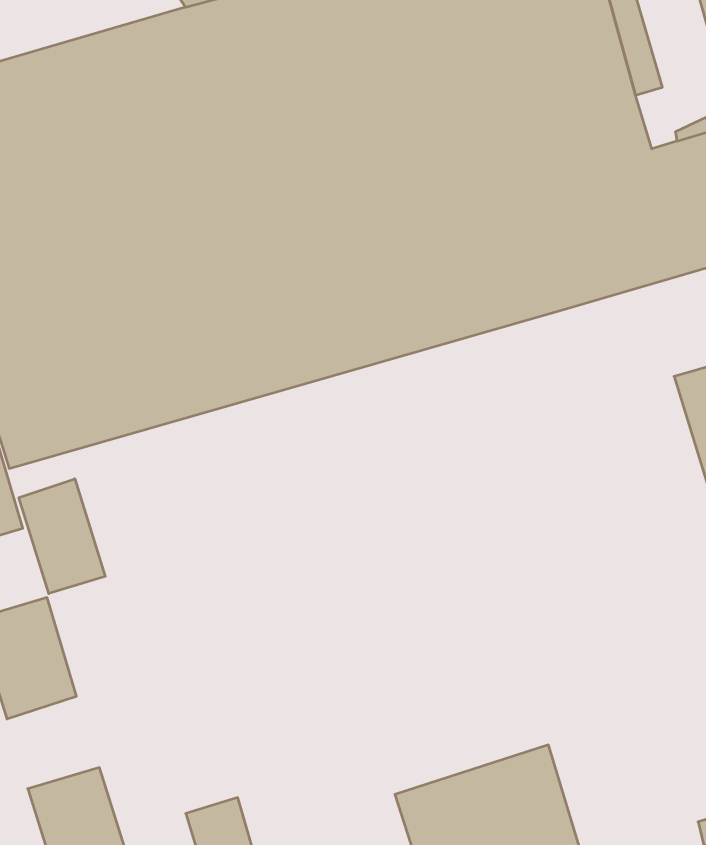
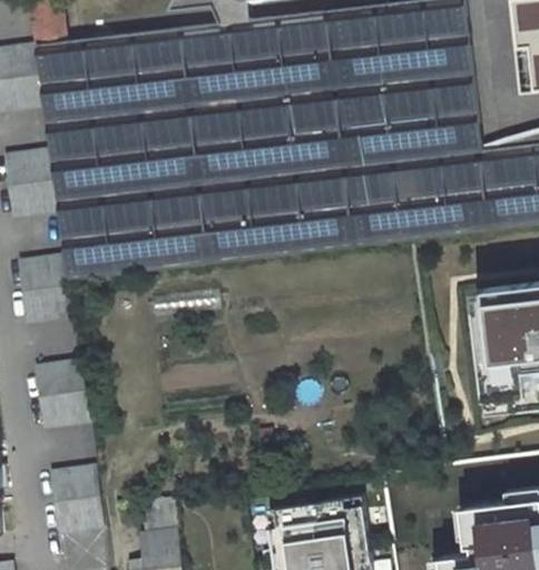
building: [19,479,105,594] -> none

